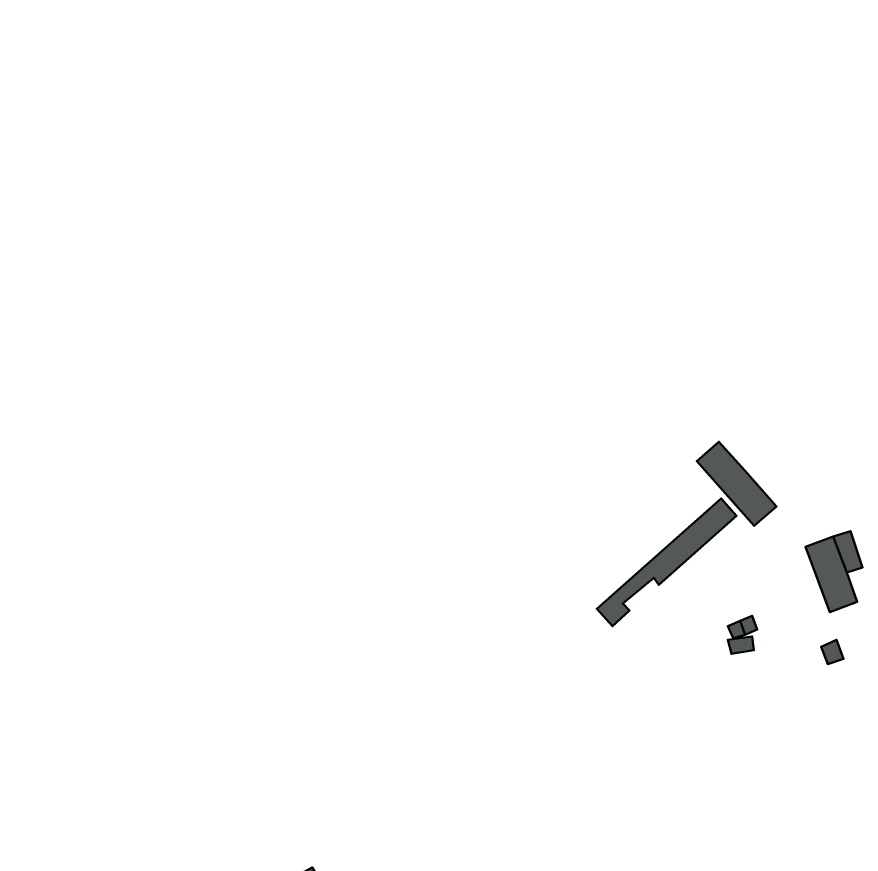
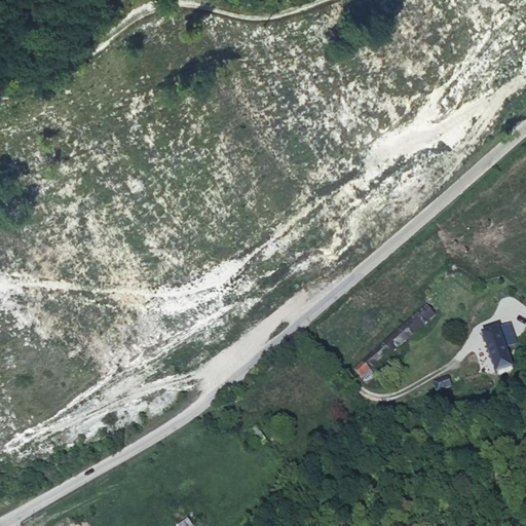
building: [697,442,776,526] -> none

